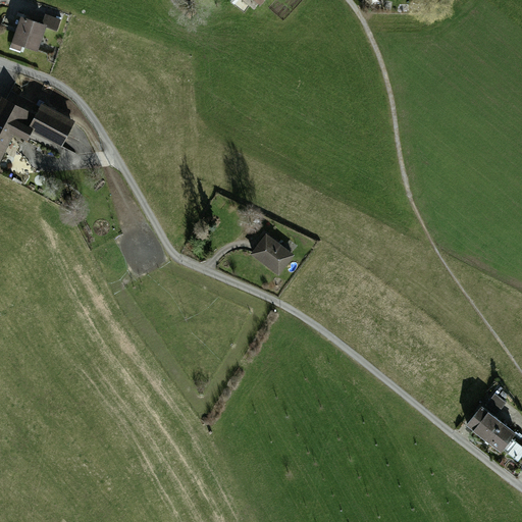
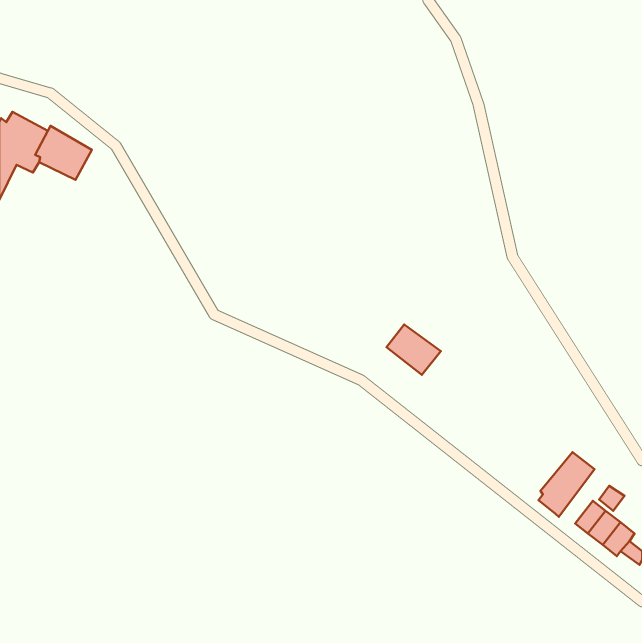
building: [8,13,59,52] -> none
building: [250,234,294,275] -> [387,325,441,375]
building: none -> [538,452,594,517]

